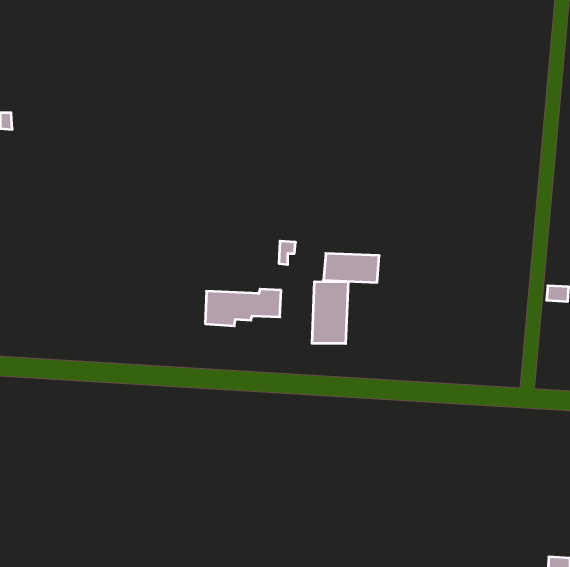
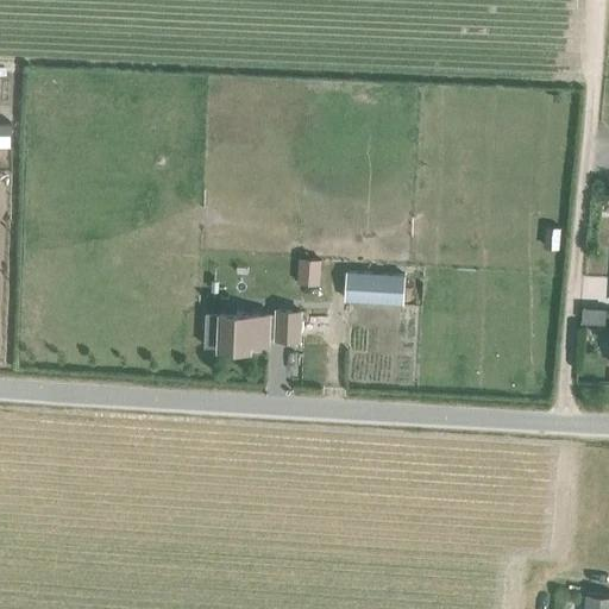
building: [312,282,348,344] -> none

